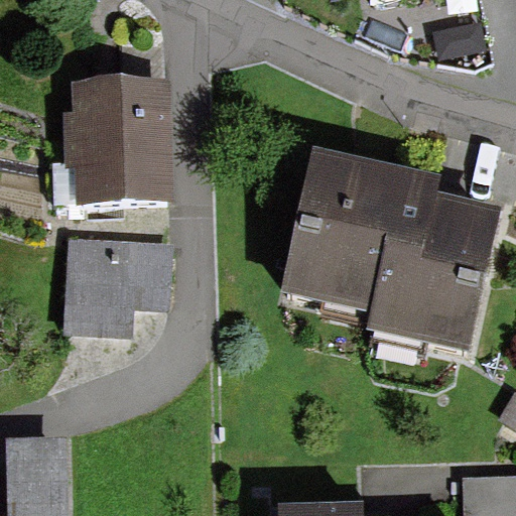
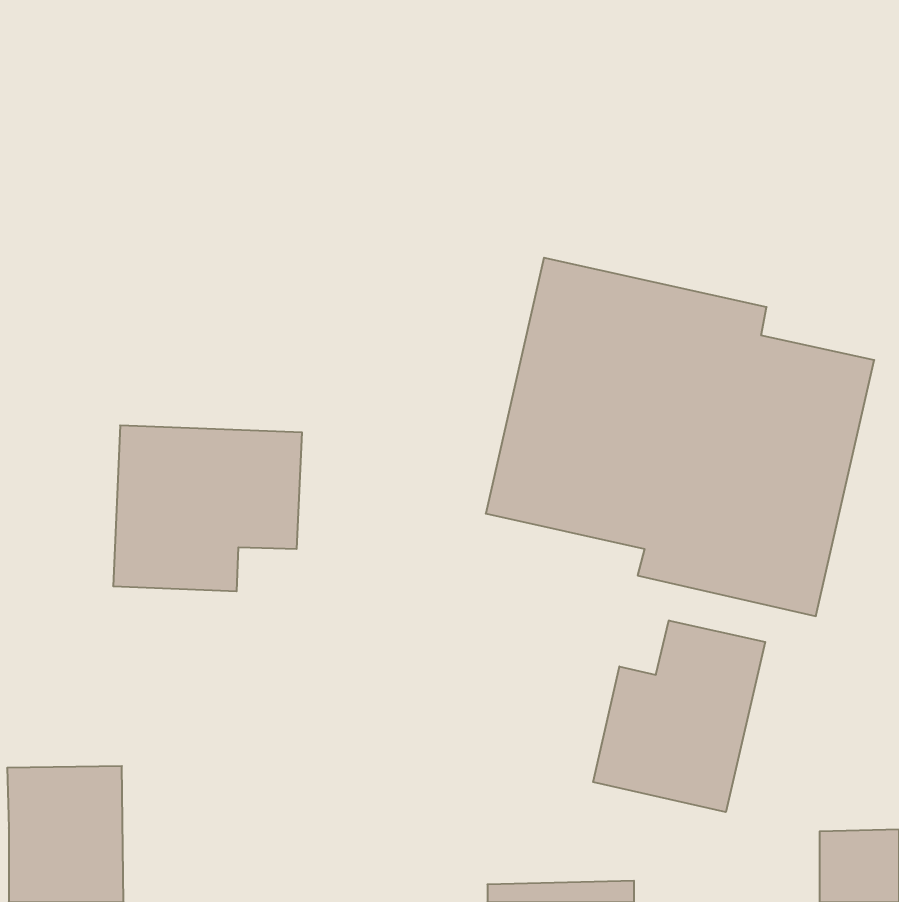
building: [73,74,173,205] -> none
building: none -> [593,620,765,812]

